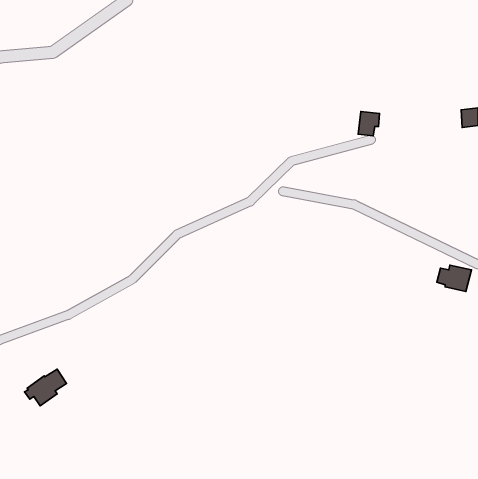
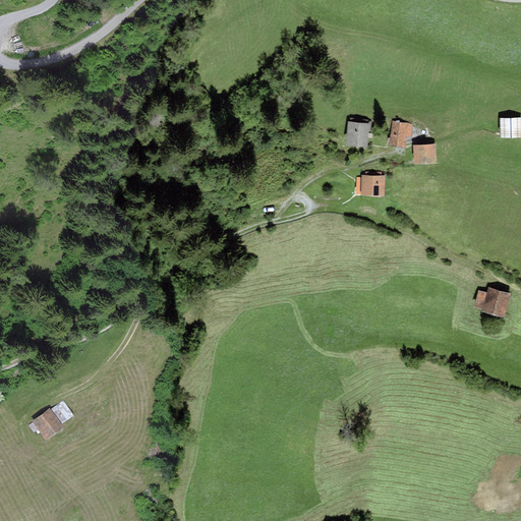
building: none -> [346,121,370,147]
building: none -> [414,143,438,164]
building: none -> [362,175,385,195]

